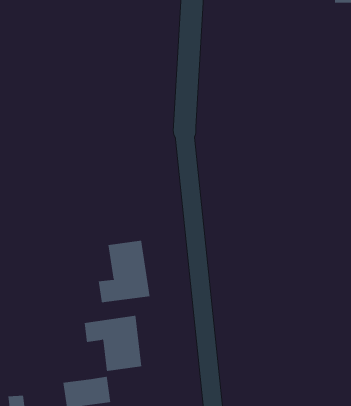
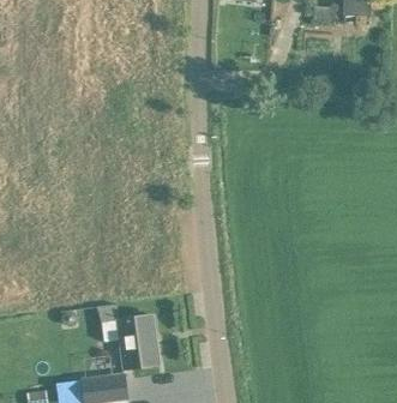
building: [98,240,150,303] -> none

